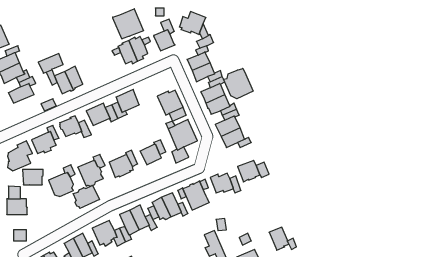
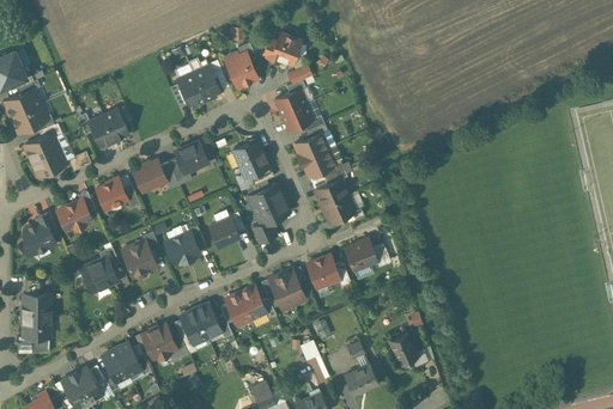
building: [113,9,143,39] -> none
building: [38,54,63,73] -> [31,148,66,176]
building: [224,68,253,99] -> none
building: [23,169,43,185] -> [22,316,50,337]
building: [73,185,99,208] -> none

